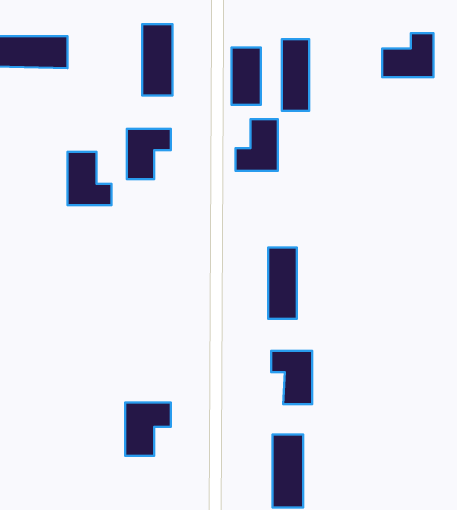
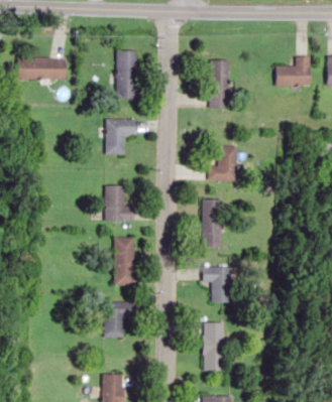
building: [232,47,261,105] -> none
building: [235,119,278,171] -> [206,146,234,180]
building: [67,152,112,205] -> [105,185,134,221]
building: none -> [114,237,134,285]

